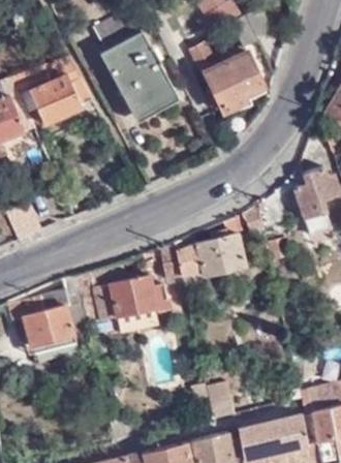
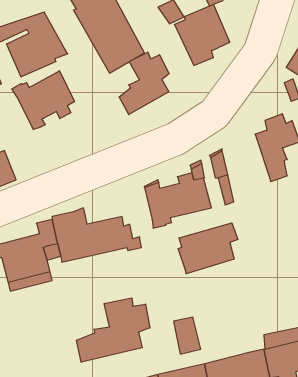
building: none -> [119,52,169,115]
building: none -> [12,71,74,130]
building: none -> [178,223,238,274]
building: none -> [77,298,150,362]

